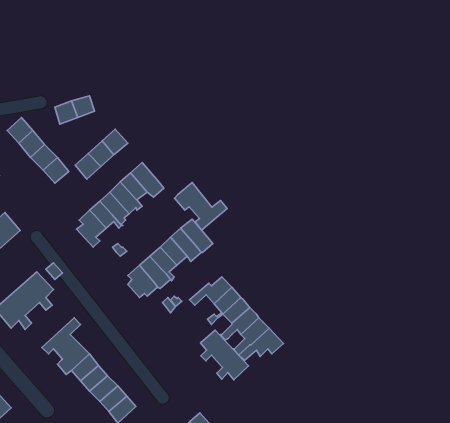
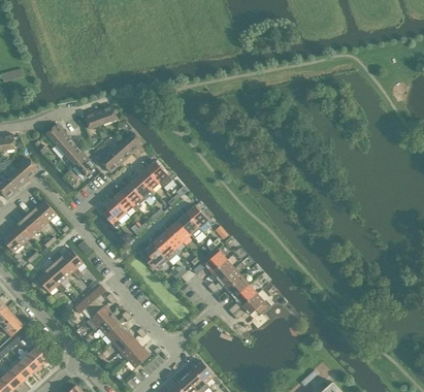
building: [174,182,227,230] -> none
building: [200,330,248,380] -> none

